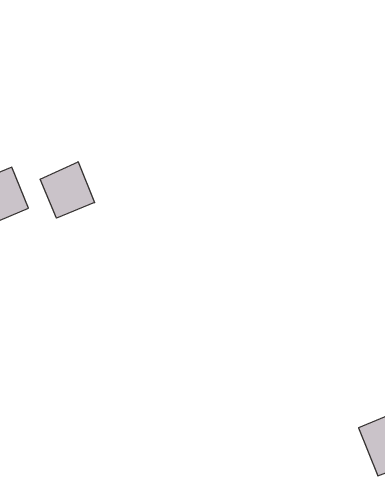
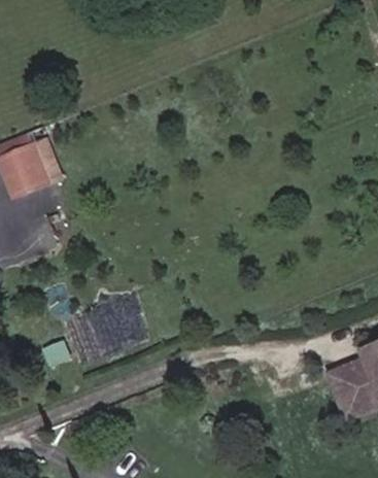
building: [40,162,95,218] -> none

